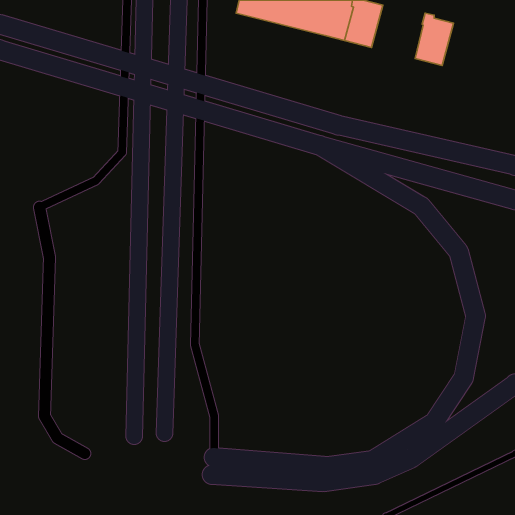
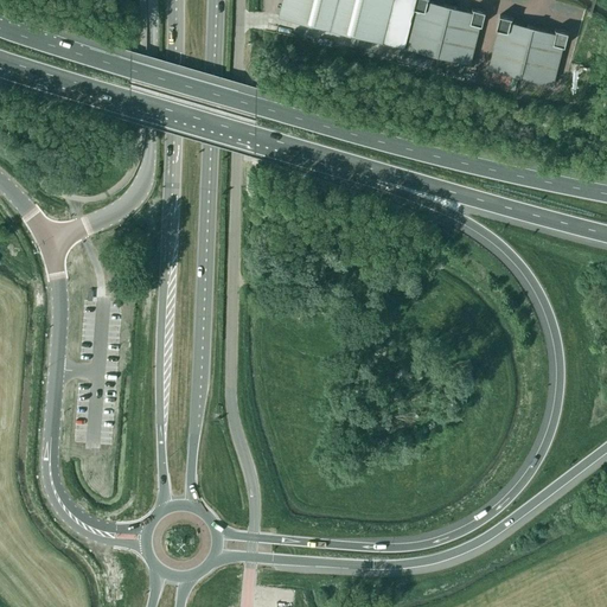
building: none -> [436,7,485,65]
building: none -> [519,28,567,87]

